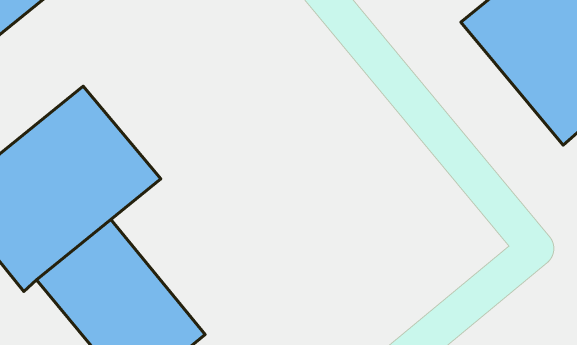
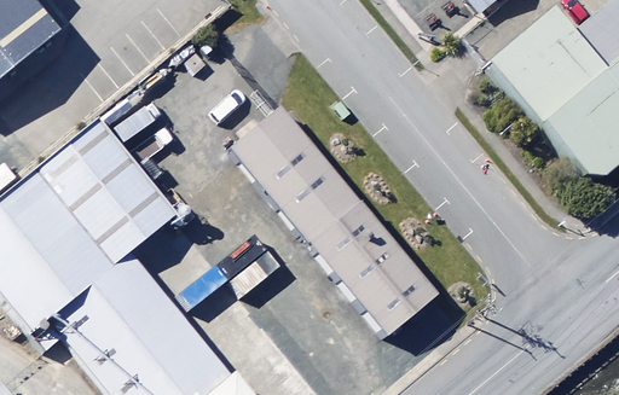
building: none -> [231,108,436,338]

